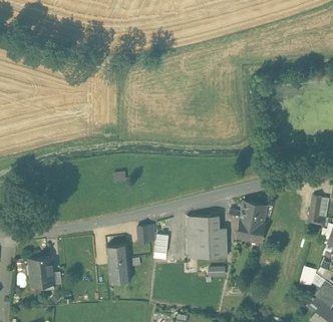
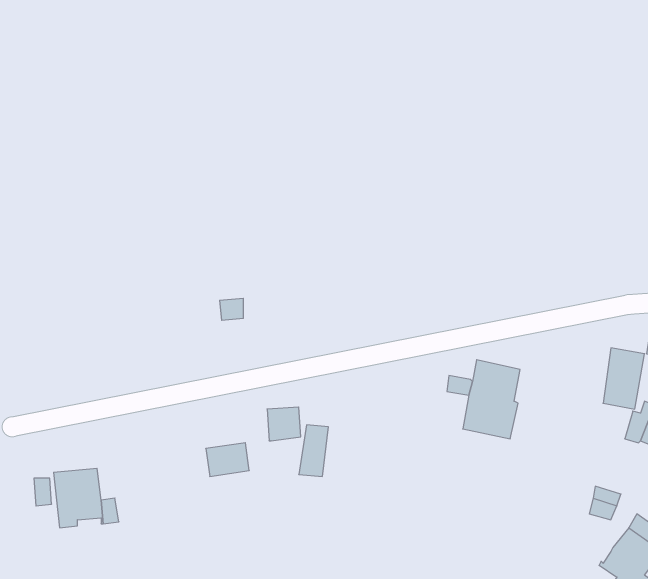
building: [187,216,227,258] -> none
building: [108,258,130,283] -> none

